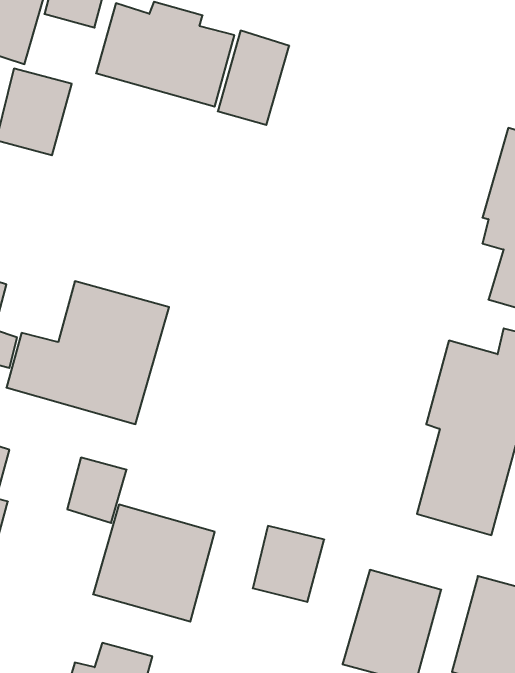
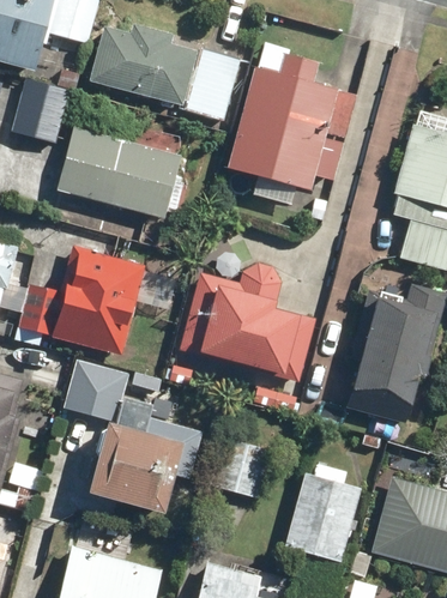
building: none -> [226,52,357,192]
building: none -> [56,127,183,219]
building: none -> [180,262,316,383]

